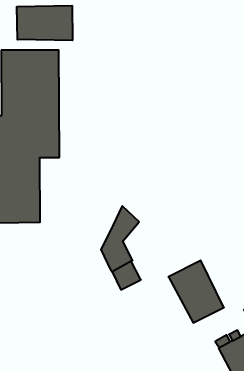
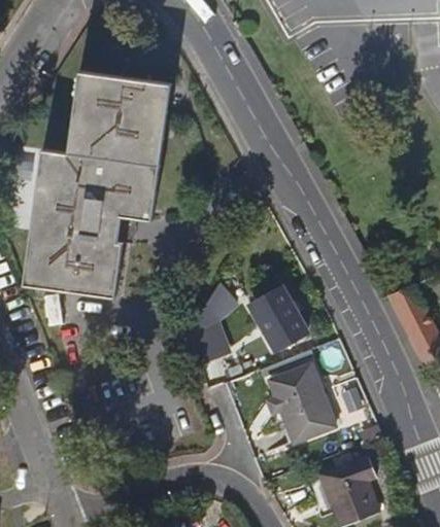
building: [17,6,72,40] -> none
building: none -> [250,287,307,351]

